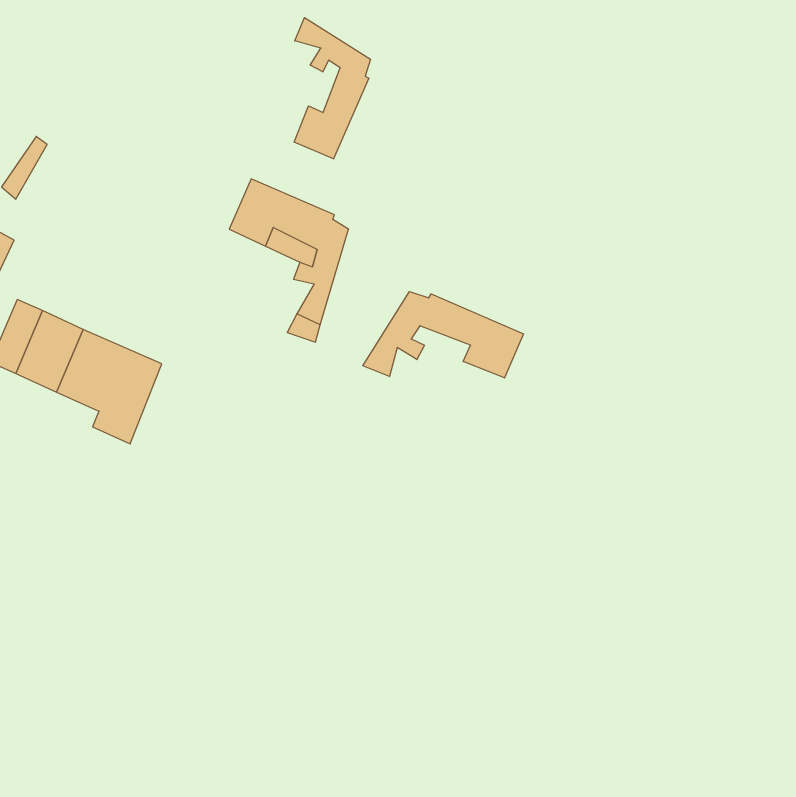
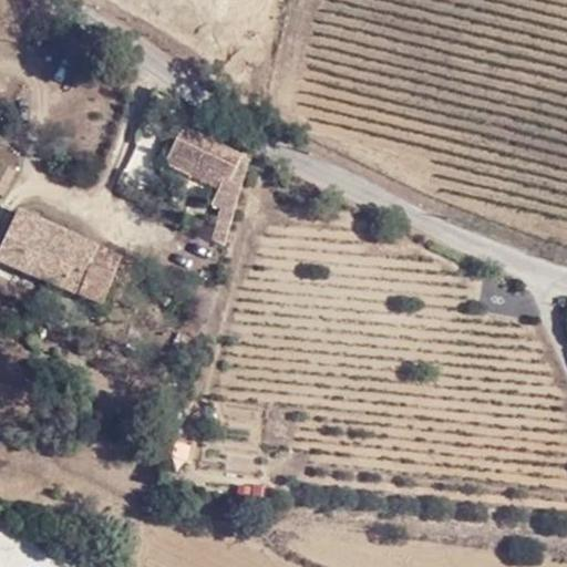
building: [294,18,371,159] -> none
building: [363,292,523,378] -> none

